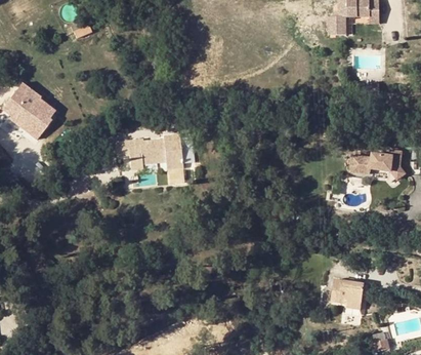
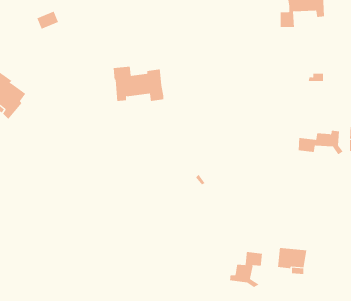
building: [125,130,181,169] -> [113,66,164,101]
building: none -> [230,251,263,288]

